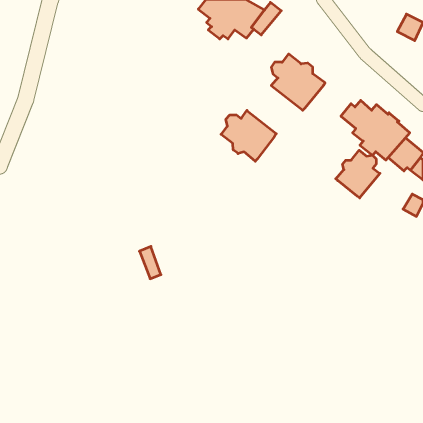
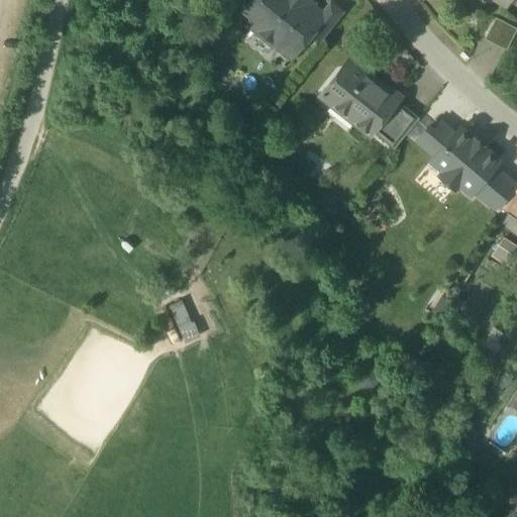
building: none -> [372,104,415,148]
building: [221,110,276,161] -> none
building: [336,150,380,198] -> none

